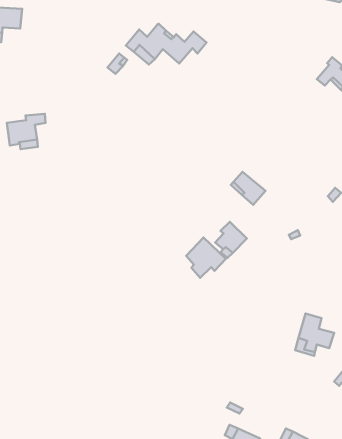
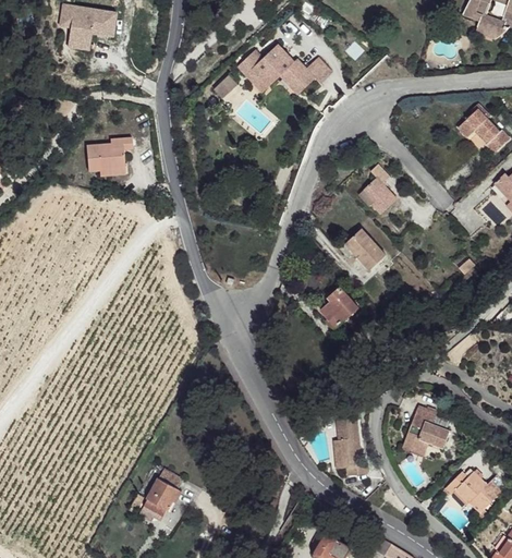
building: none -> [363,165,395,215]
building: [186,237,226,278] -> none
building: none -> [333,418,367,476]
building: none -> [145,469,184,517]

